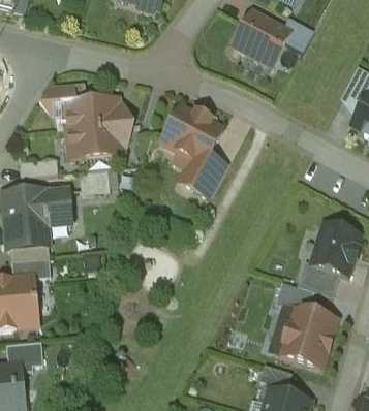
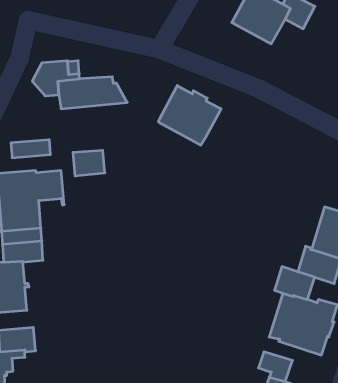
building: [67,122,131,157] -> none
building: [181,155,224,194] -> none

